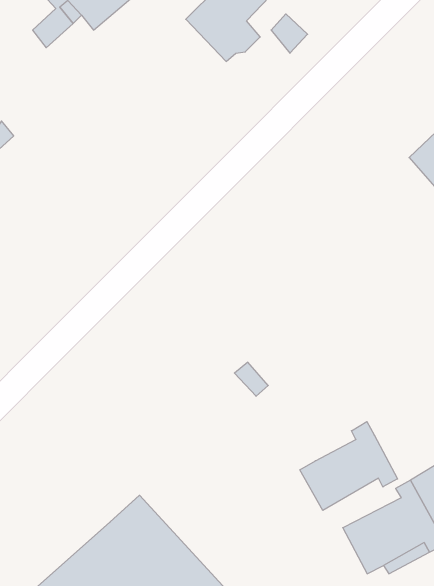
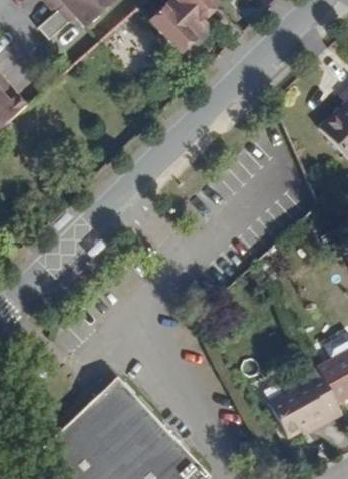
building: [300,422,398,510] -> none

